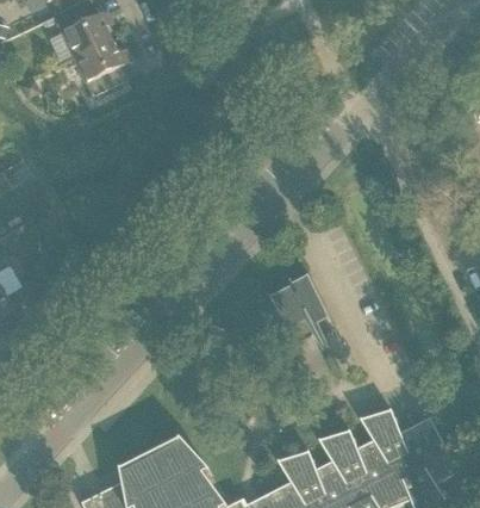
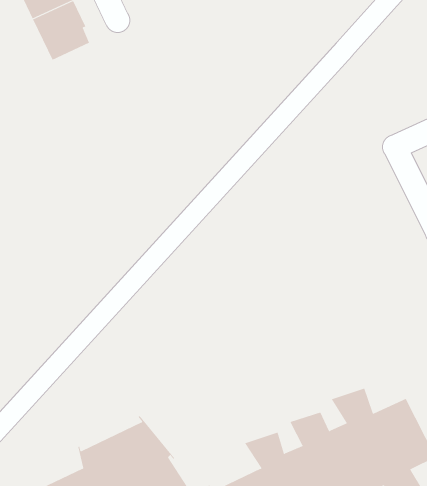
building: [267,273,326,348] -> none

